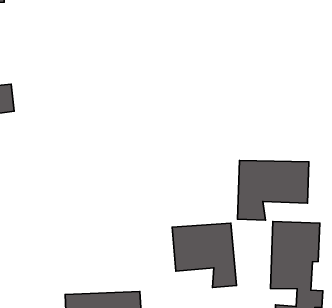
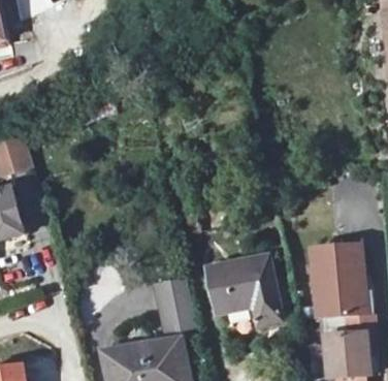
building: [237,161,309,220] -> none
building: none -> [155,275,200,332]

